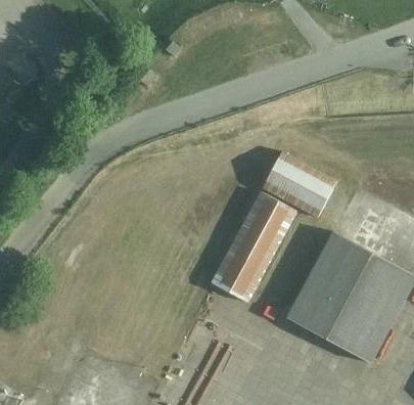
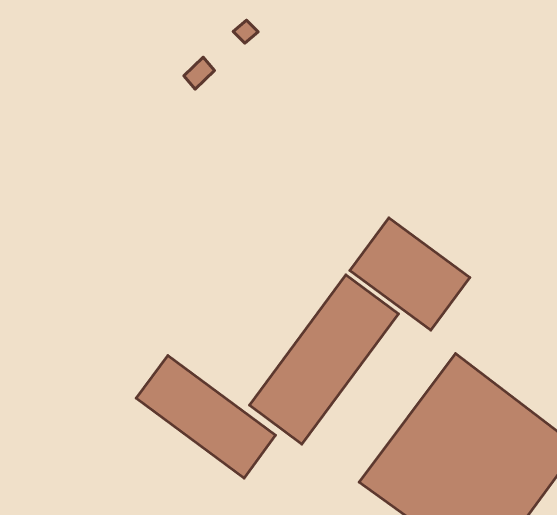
building: none -> [136,355,276,478]

